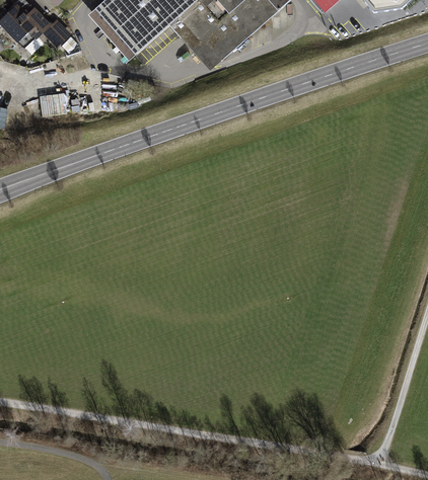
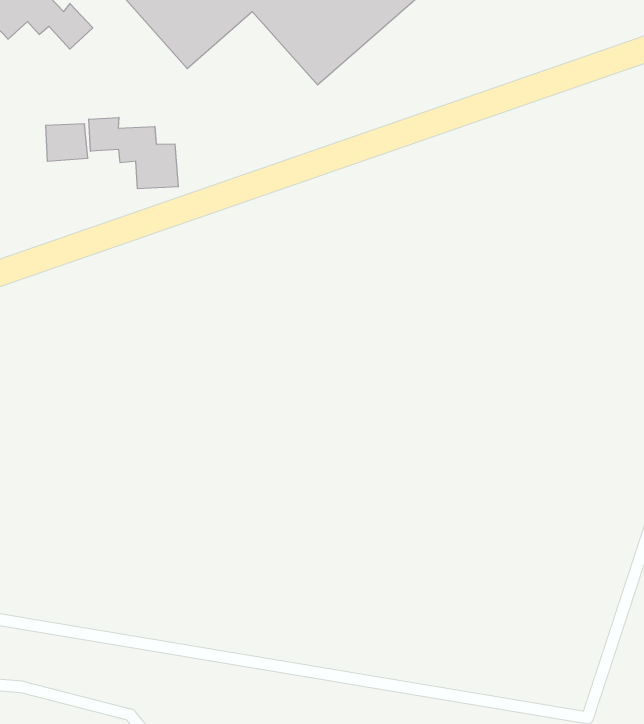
building: none -> [89,117,178,189]

